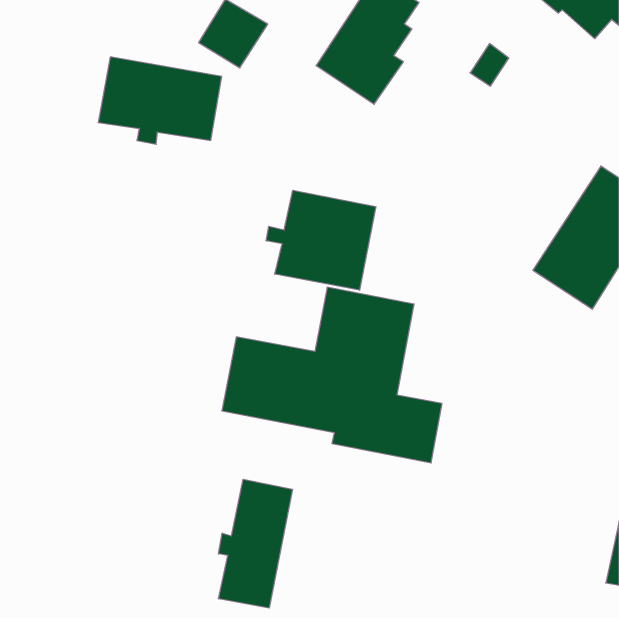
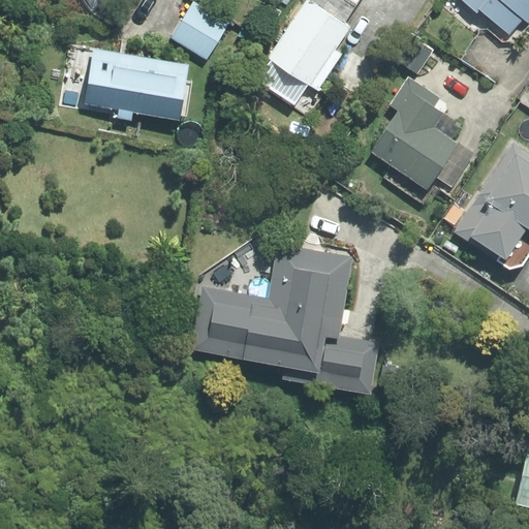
building: none -> [370,88,458,187]
building: [266,190,376,290] -> none
building: [218,479,292,608] -> none

